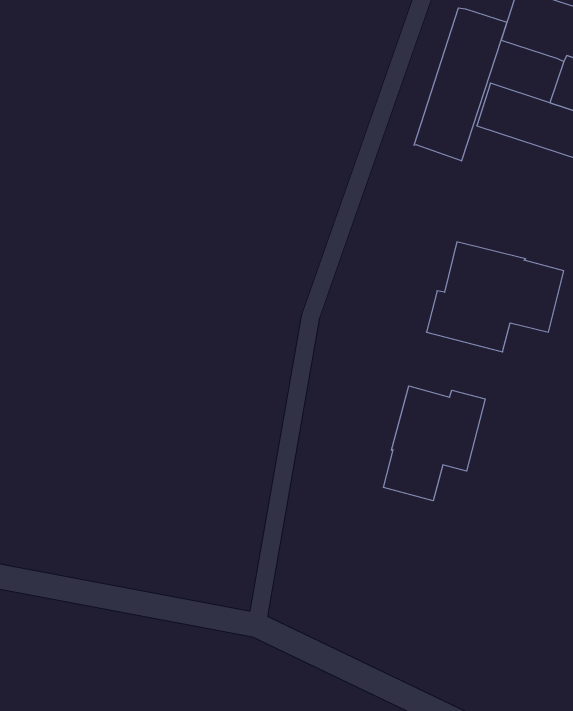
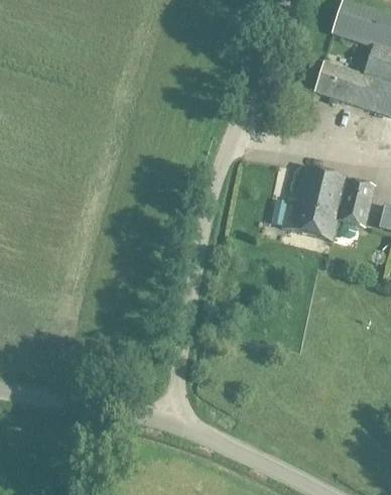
building: [414,8,507,161] -> none
building: [384,386,485,501] -> none

